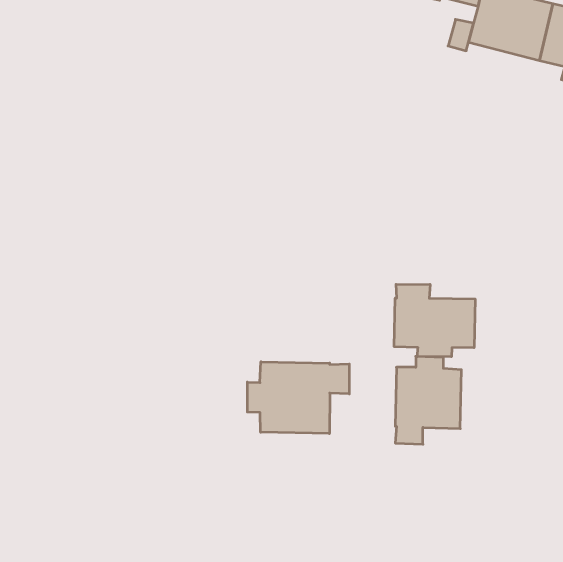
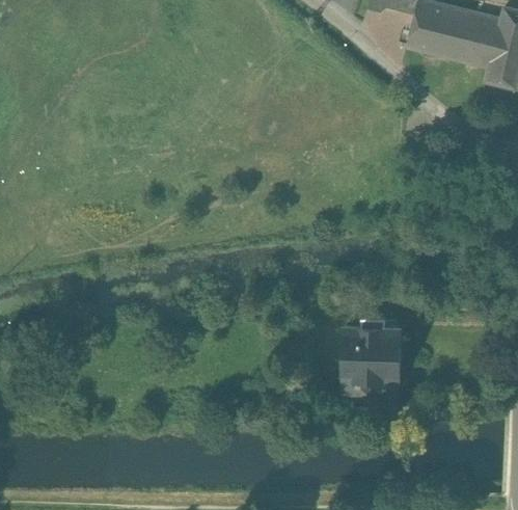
building: [394,284,475,357] -> none
building: [247,362,349,434] -> none

